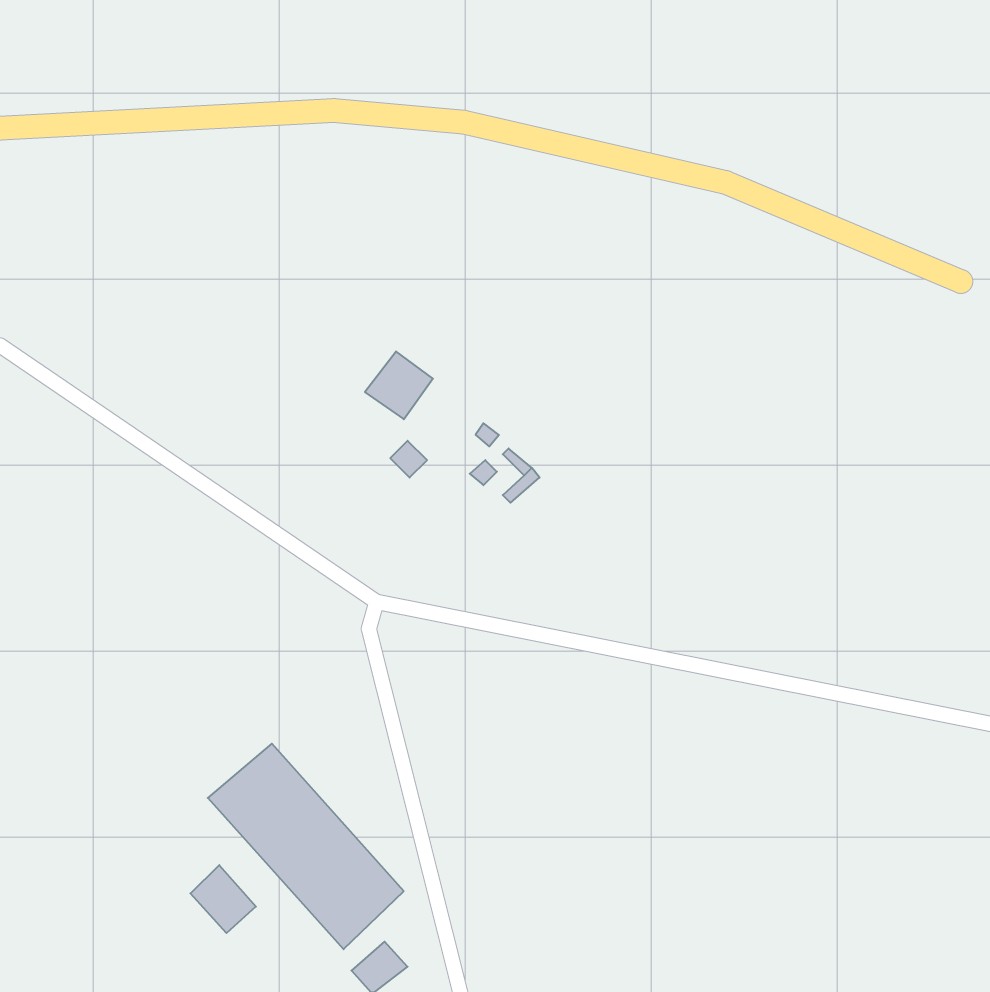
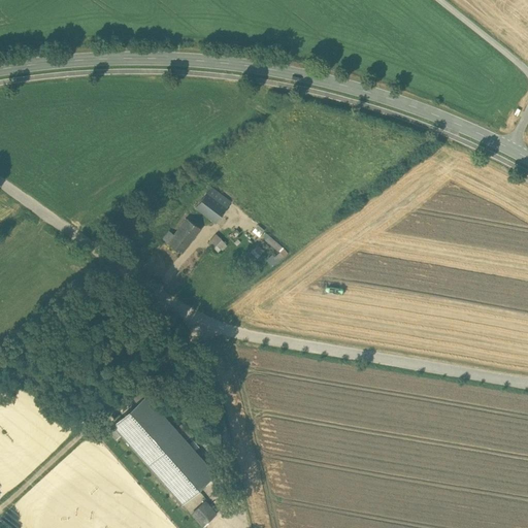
building: none -> [162,218,202,254]
building: [190,865,256,933] -> none

